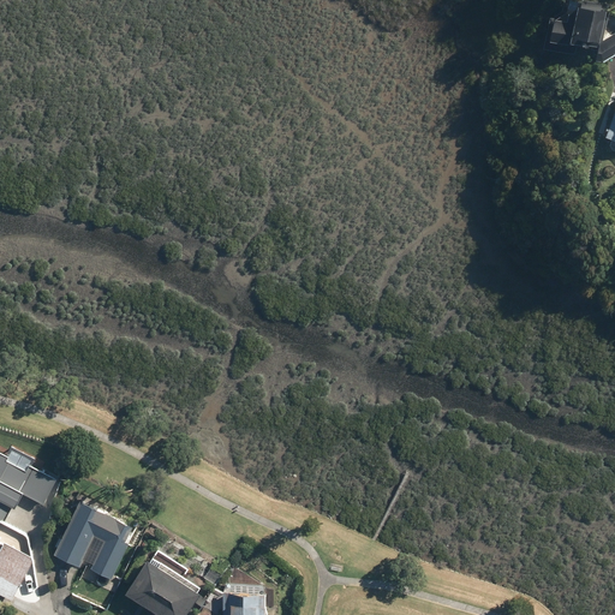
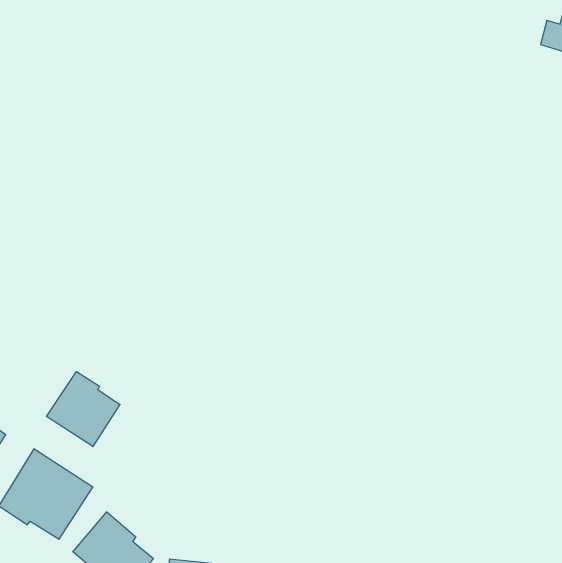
building: none -> [46,372,120,447]

